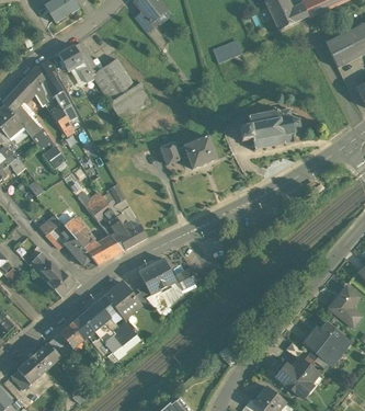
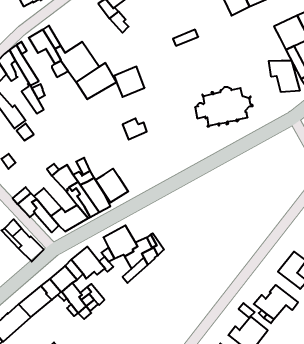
building: none -> [269,60,300,92]
building: [183,136,216,169] -> [114,67,145,97]
building: none -> [95,169,128,203]

